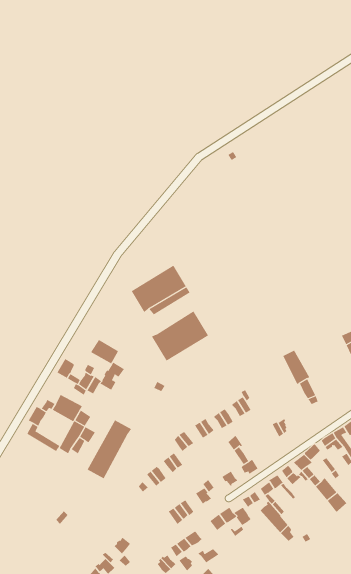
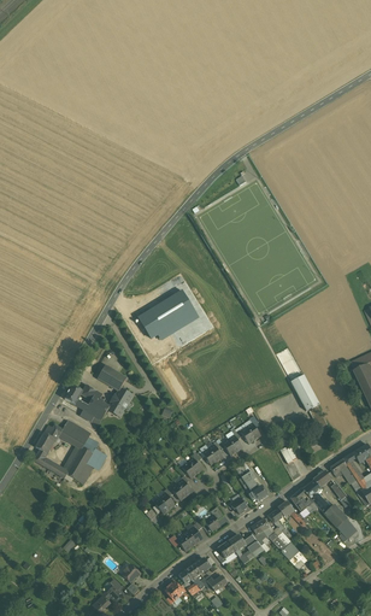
building: [151,310,209,362] -> none
building: [87,419,132,479] -> none

